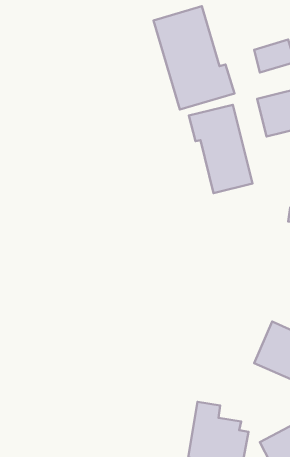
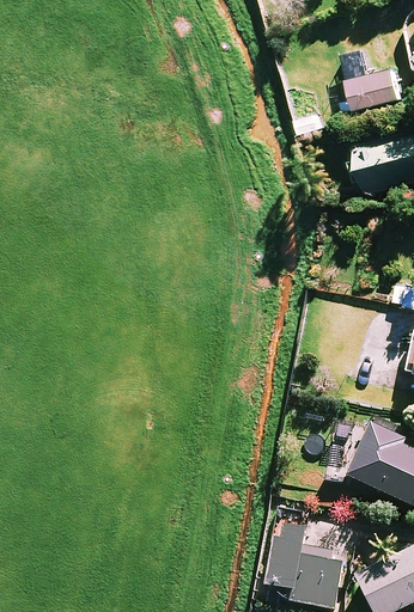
building: [153,6,235,109] -> none
building: [189,105,252,193] -> none

